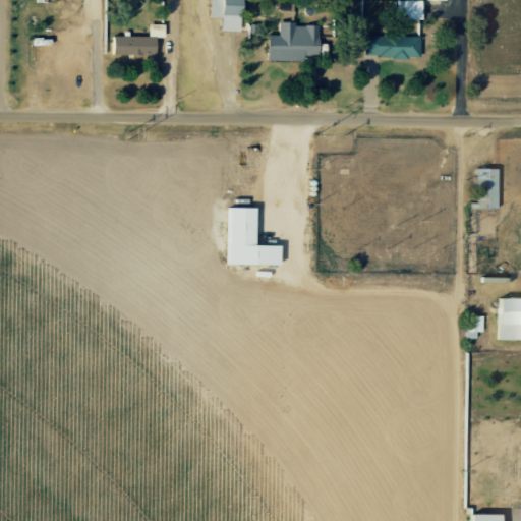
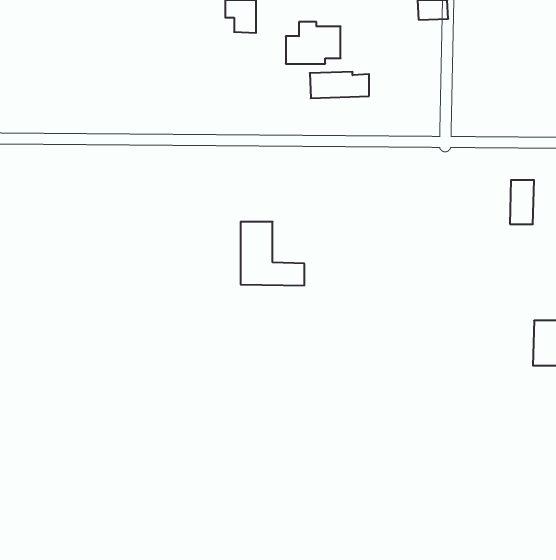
building: [114,24,166,55] -> none
building: [367,34,422,58] -> [310,72,369,98]

